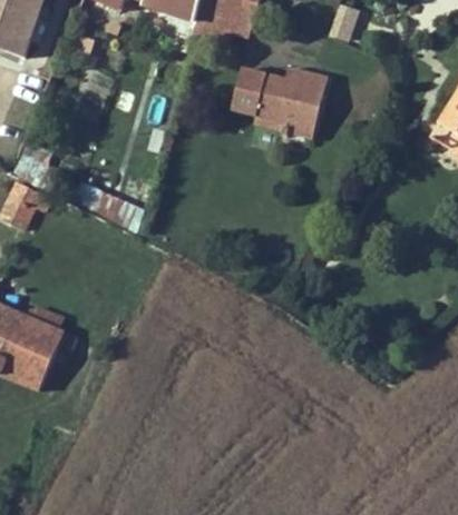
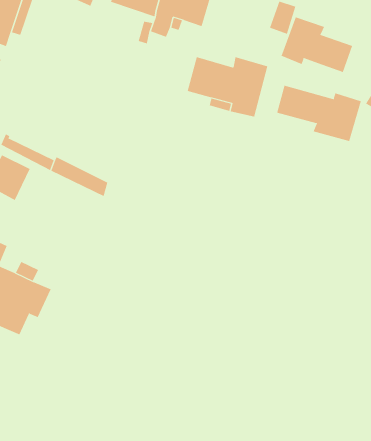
building: none -> [281,16,353,73]
building: none -> [276,85,362,142]

